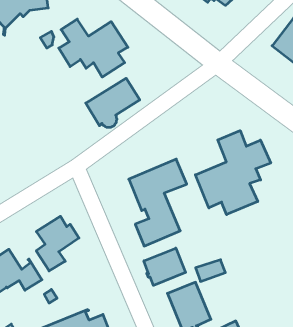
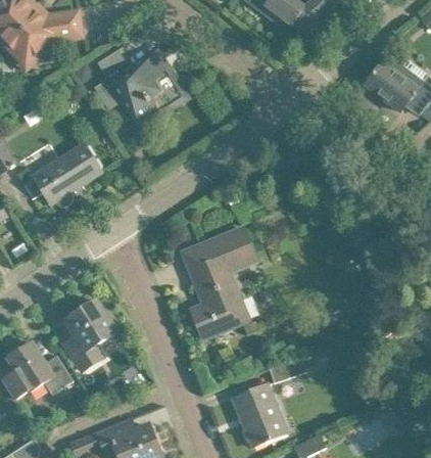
building: [86,78,140,127] -> [33,144,101,207]
building: [195,131,271,215] -> none
building: [144,248,186,285] -> none

